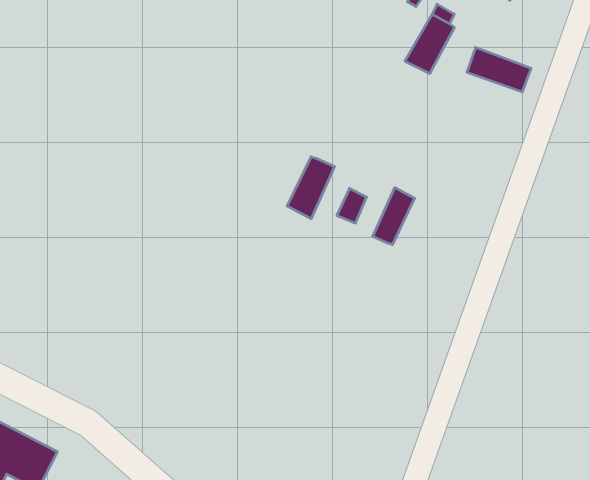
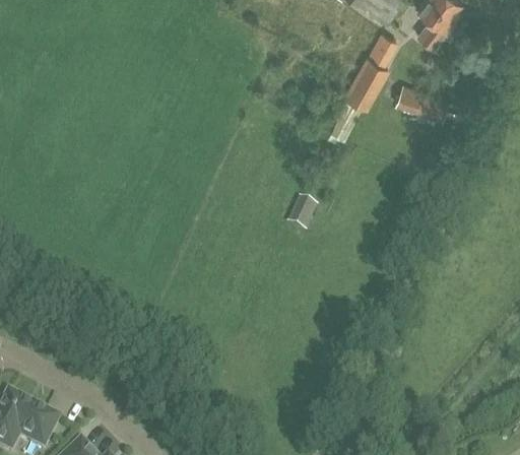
building: [287,157,334,219] -> none
building: [373,188,415,245] -> none

